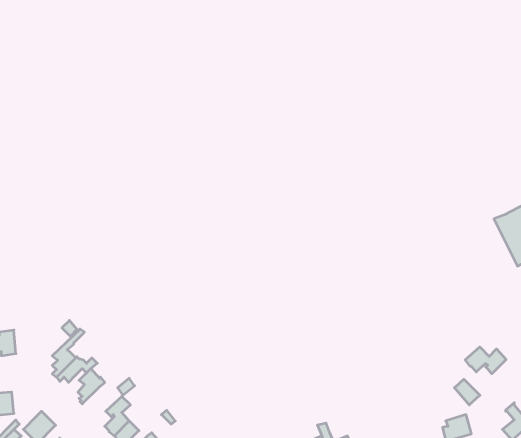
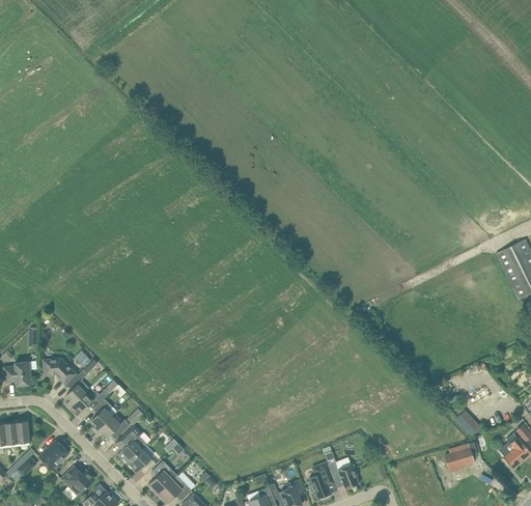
building: none -> [43,358,77,385]
building: [465,347,506,374] -> none
building: none -> [95,416,130,440]

